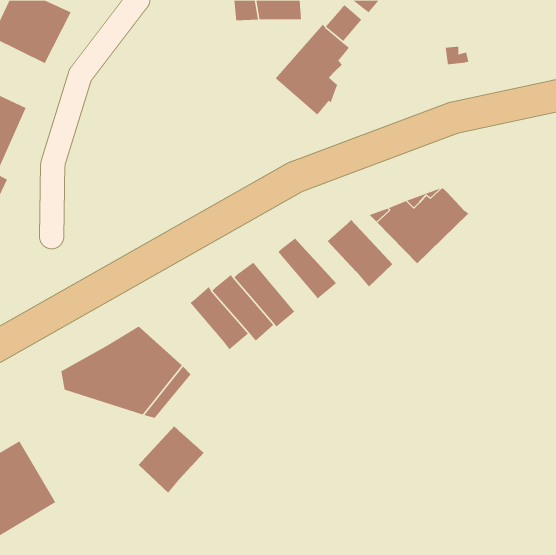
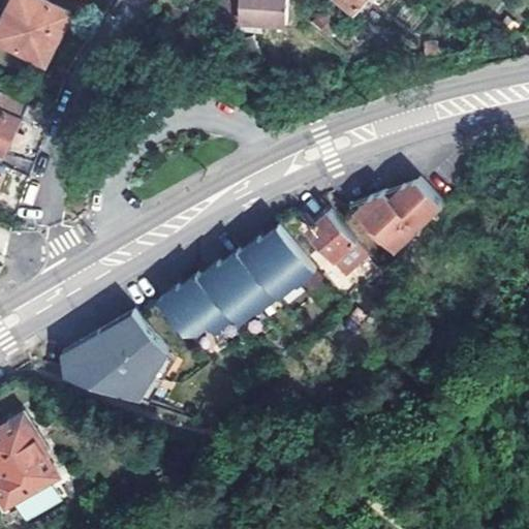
building: [275,24,349,115] -> none
building: none -> [240,241,297,301]
building: none -> [157,288,209,336]
building: [138,426,204,493] -> none

